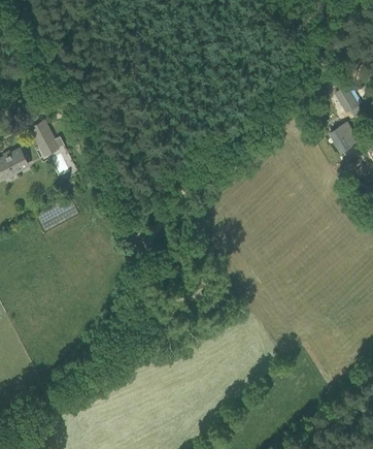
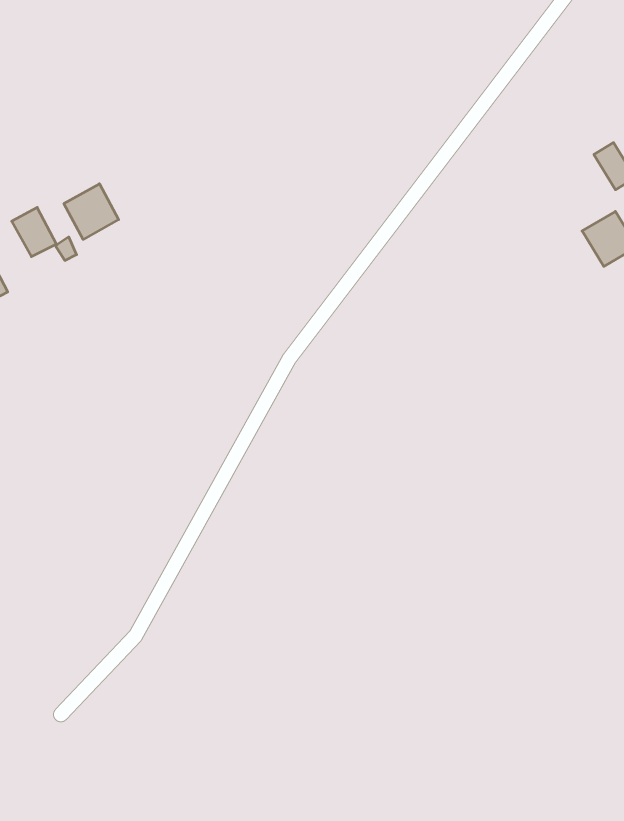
building: none -> [64,184,119,239]

